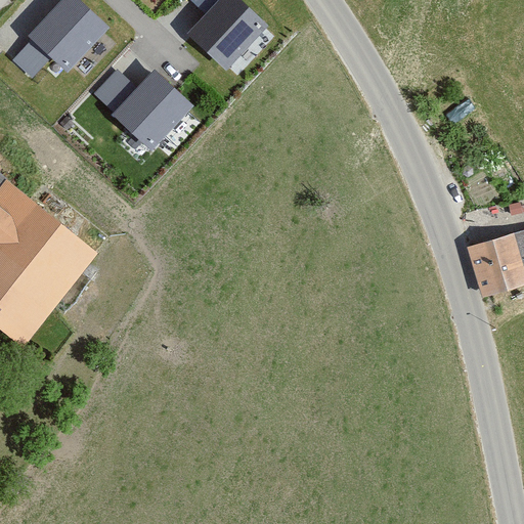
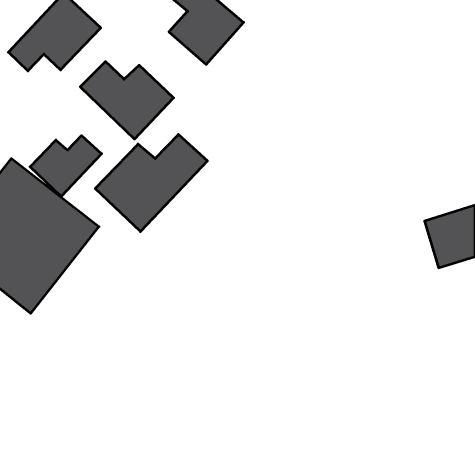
building: none -> [95,134,207,232]
building: none -> [30,136,102,196]

